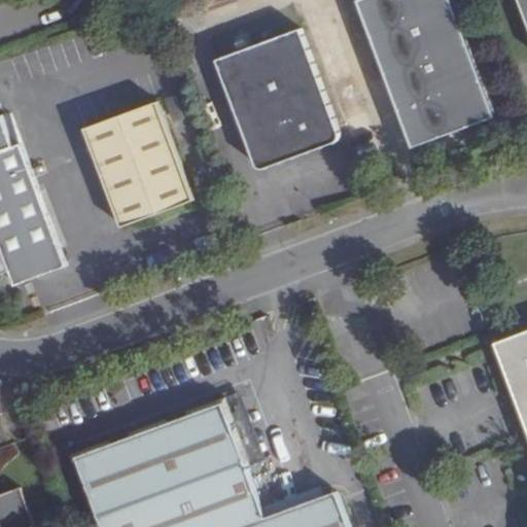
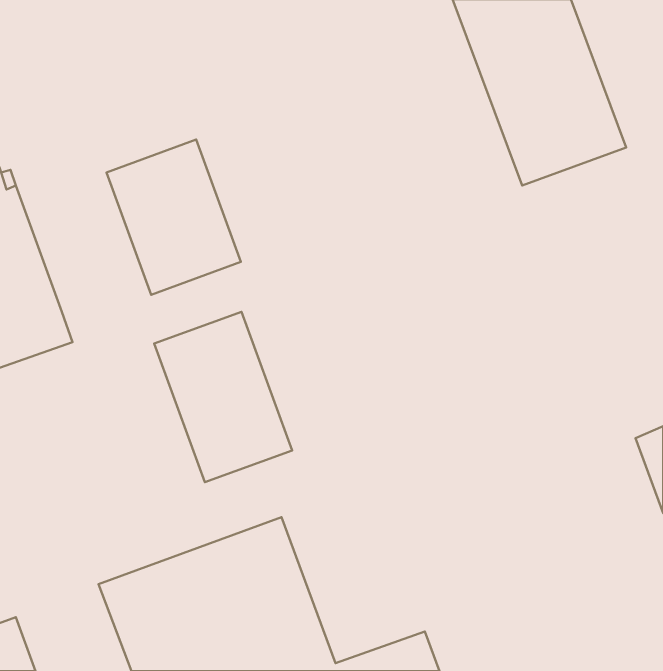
building: [213,30,338,171] -> none
building: none -> [154,312,292,482]

